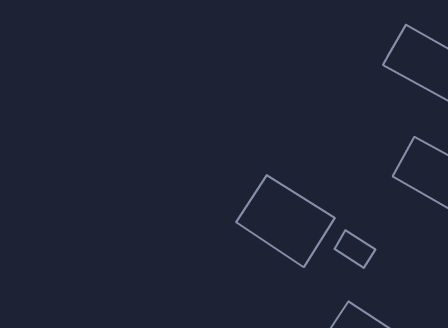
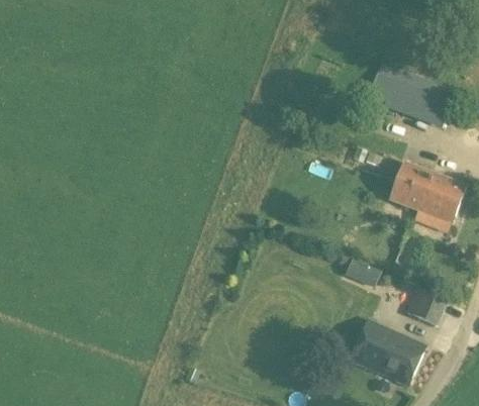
building: [236,175,335,267] -> none
building: none -> [397,281,448,326]

